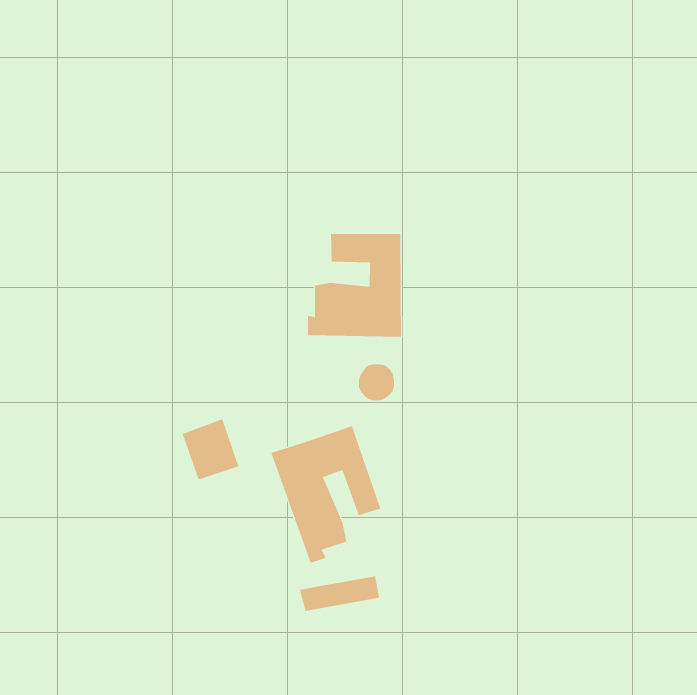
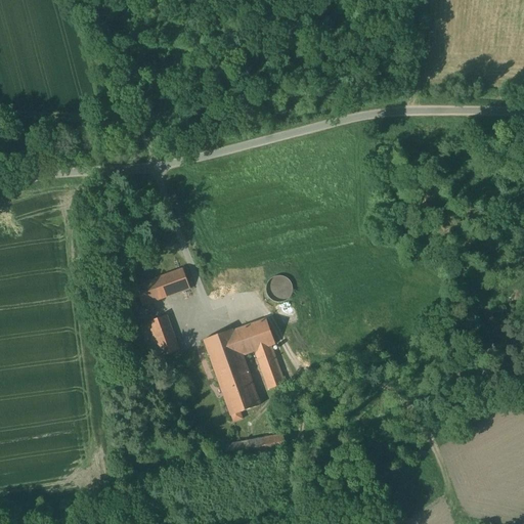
building: [307,233,402,338] -> none
building: none -> [134,267,189,301]

